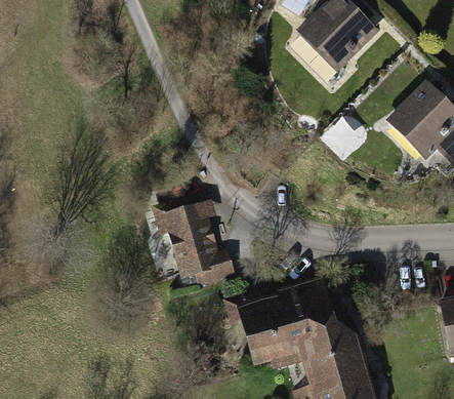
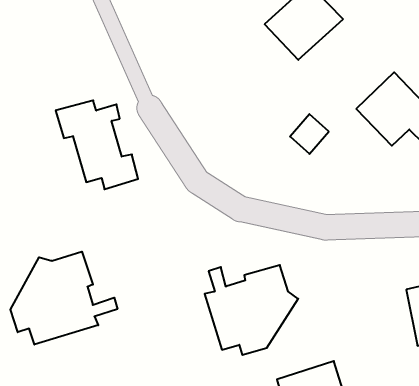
building: [150,195,233,284] -> [56,100,138,189]
building: none -> [10,252,117,345]
building: [299,310,367,391] -> none

